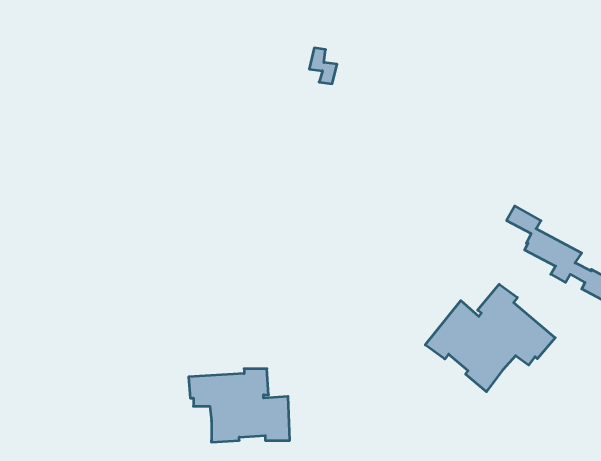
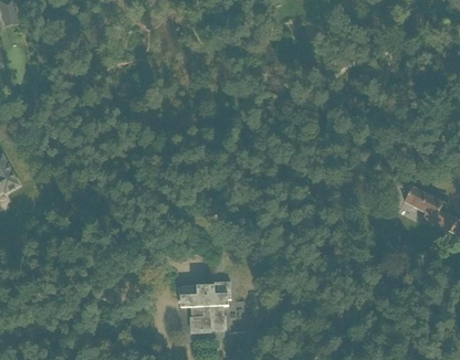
building: [425,284,555,392] -> none

